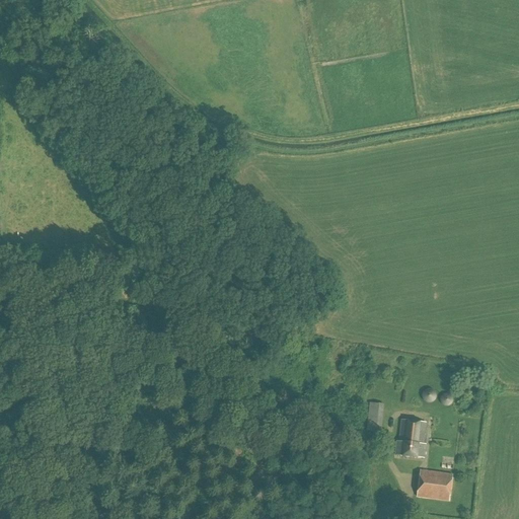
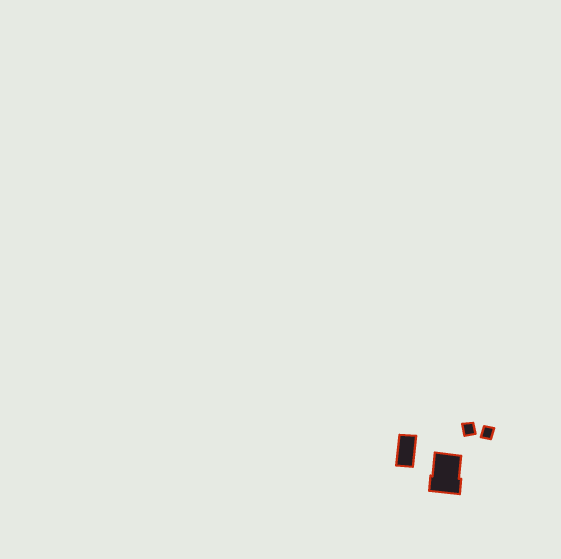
building: [417,468,452,499] -> none

